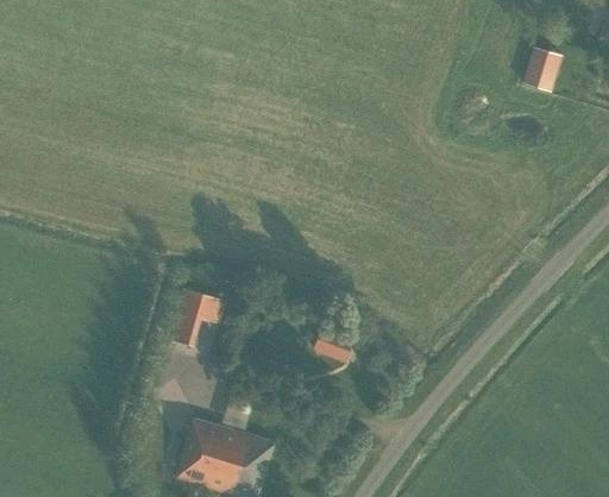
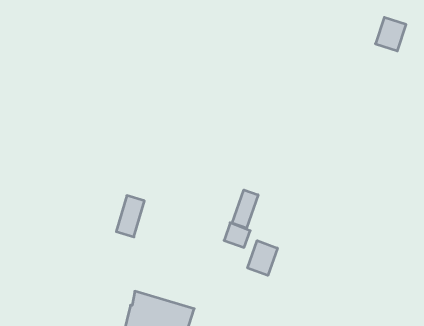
building: none -> [232,190,258,228]
building: none -> [248,241,277,275]

